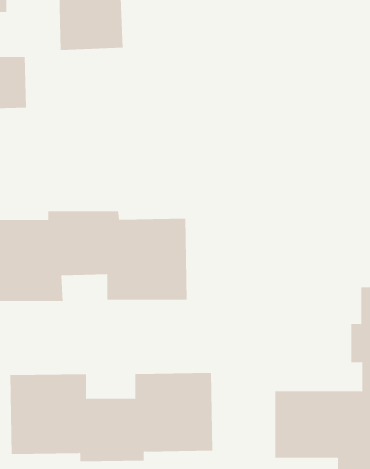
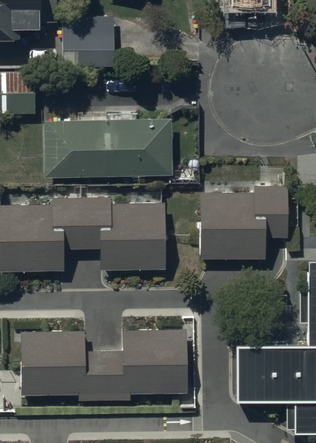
building: none -> [44,117,172,177]
building: none -> [200,184,288,258]

